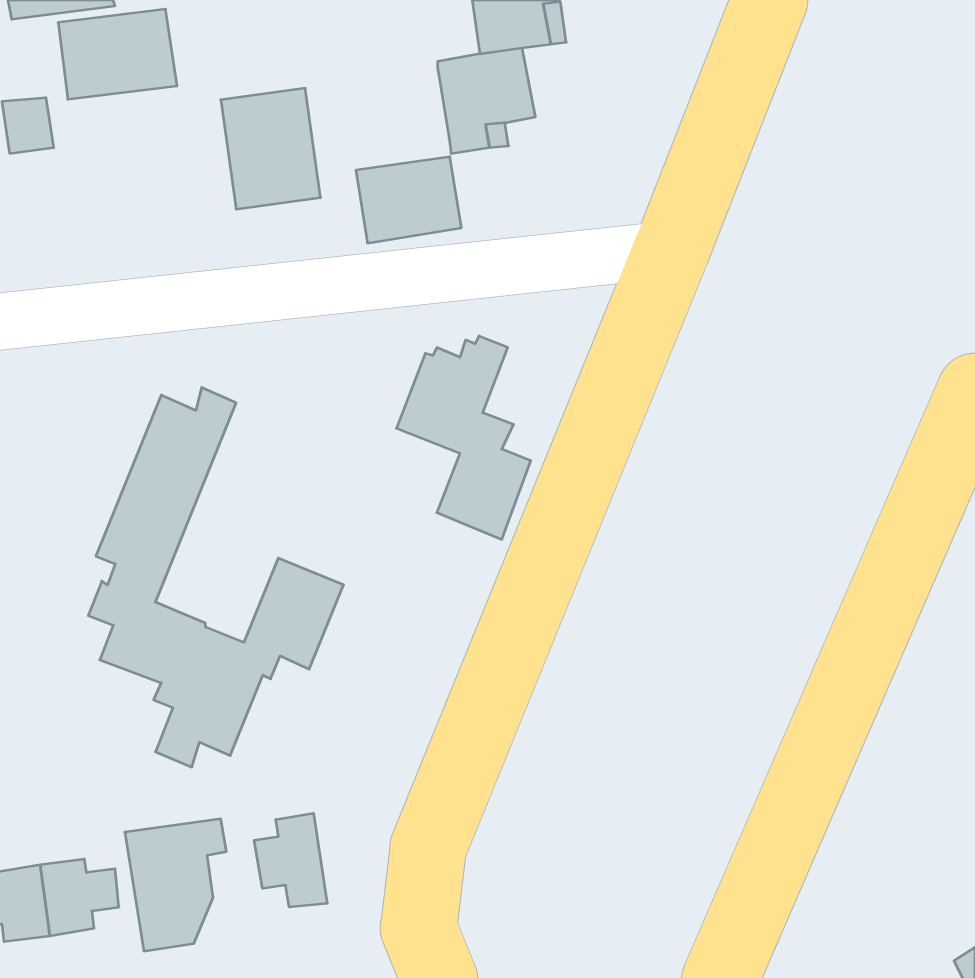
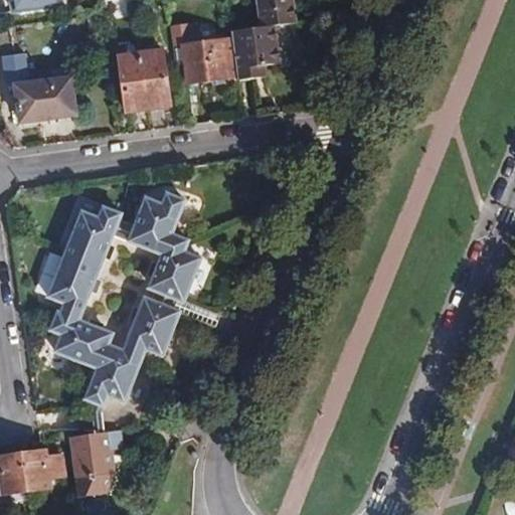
building: [58,9,177,99] -> [15,75,77,123]
building: [356,157,461,243] -> [180,36,235,81]
building: [396,336,531,539] -> [129,191,199,298]
building: [254,813,327,907] -> none

